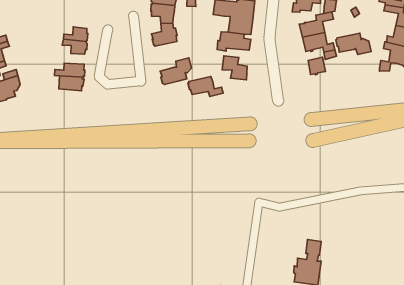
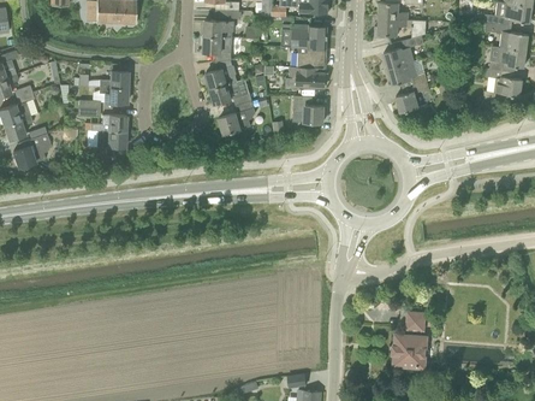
building: [336,33,371,54] -> none
building: [188,77,223,96] -> [208,82,251,106]

